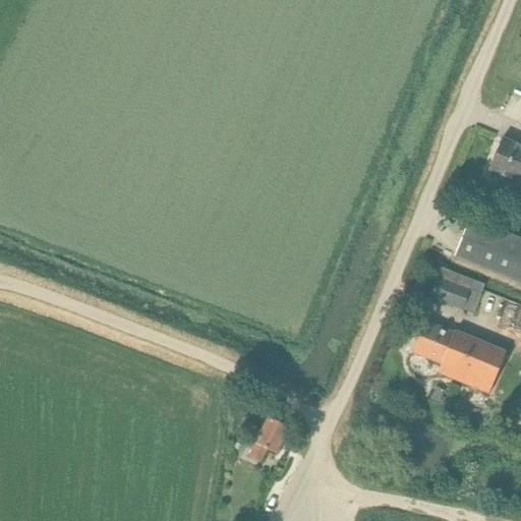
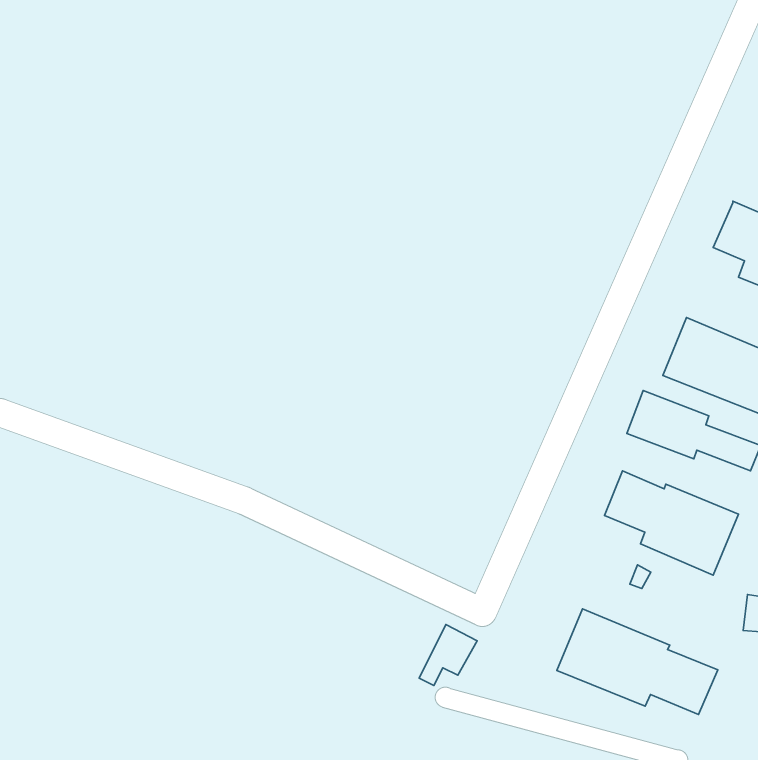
building: none -> [557,609,718,715]
building: [251,418,291,460] -> [419,624,477,686]

